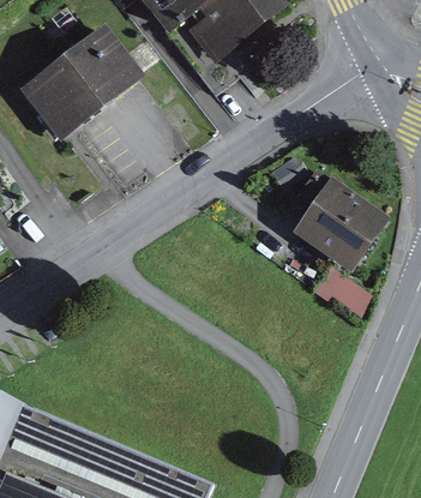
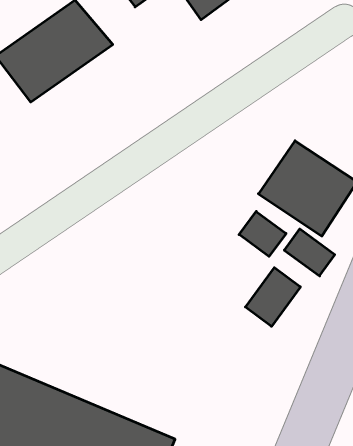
building: none -> [239,211,286,256]
building: none -> [245,268,300,326]

